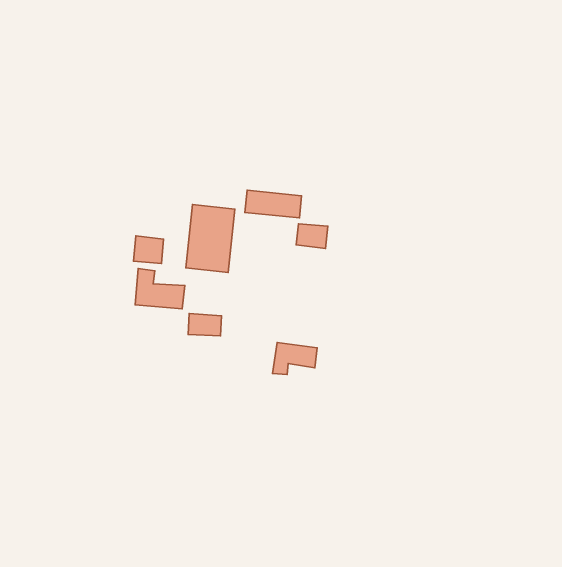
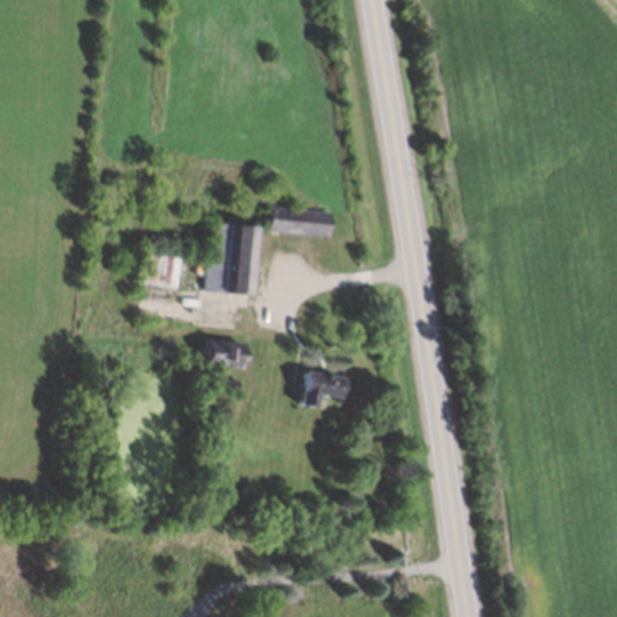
building: [296,224,328,249] -> none
building: [135,268,185,309] -> none

